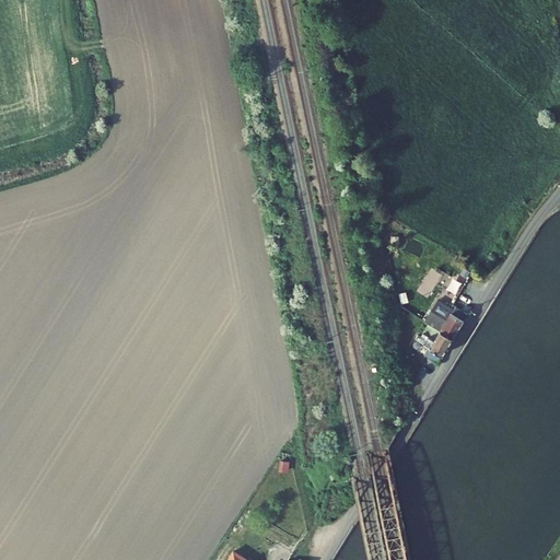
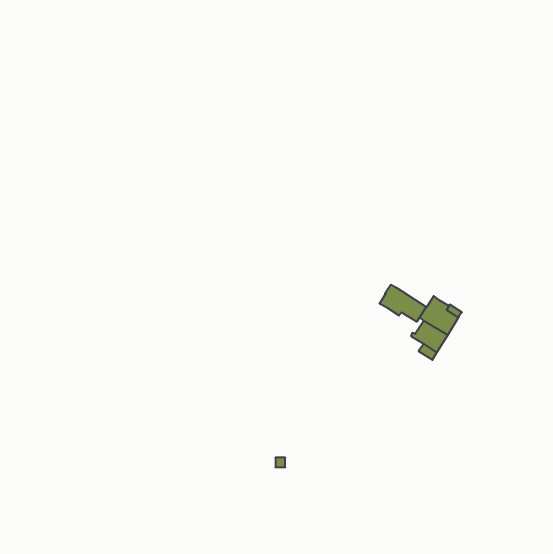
building: none -> [380,285,426,322]

